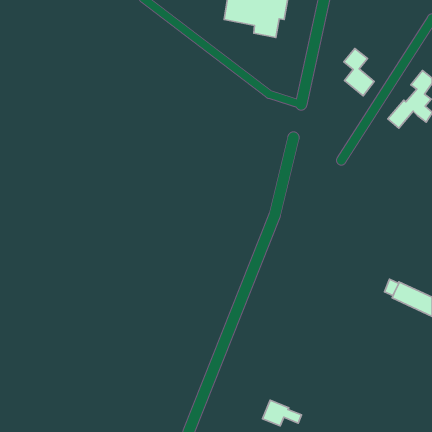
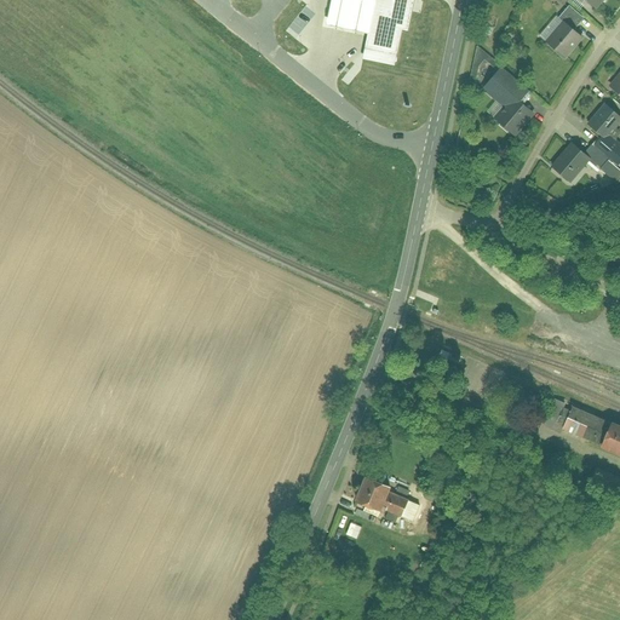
building: none -> [544,7,584,59]
building: [262,400,302,426] -> [352,476,408,512]

